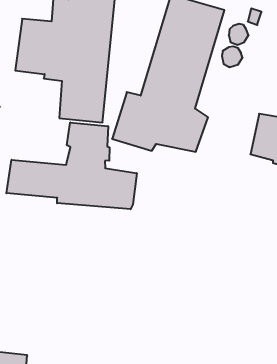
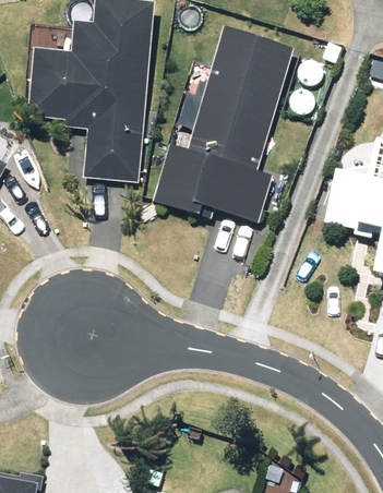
building: [6,122,137,209] -> none

